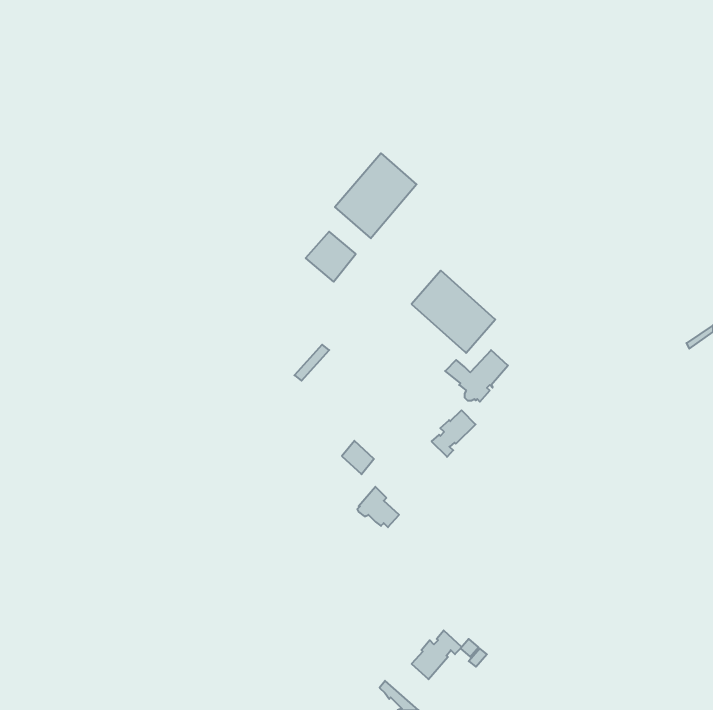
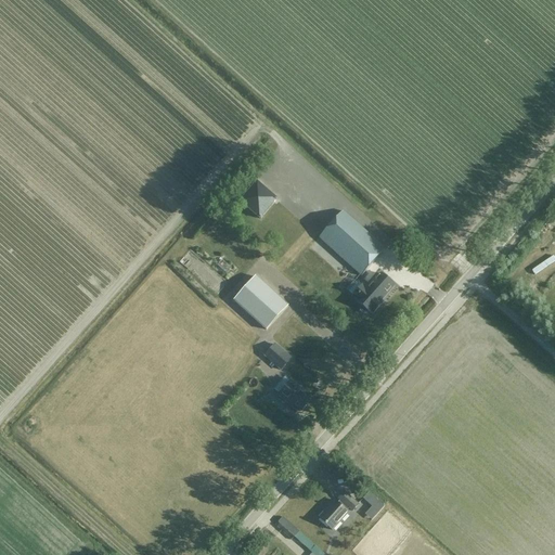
building: [335,153,417,238] -> none
building: none -> [234,275,288,328]
building: [432,410,476,457] -> none

